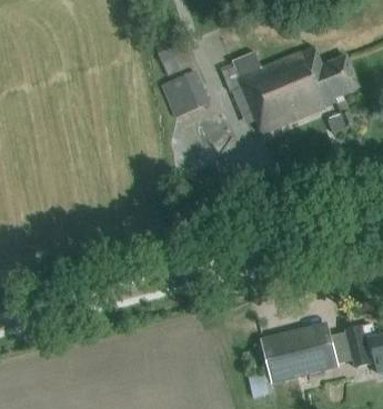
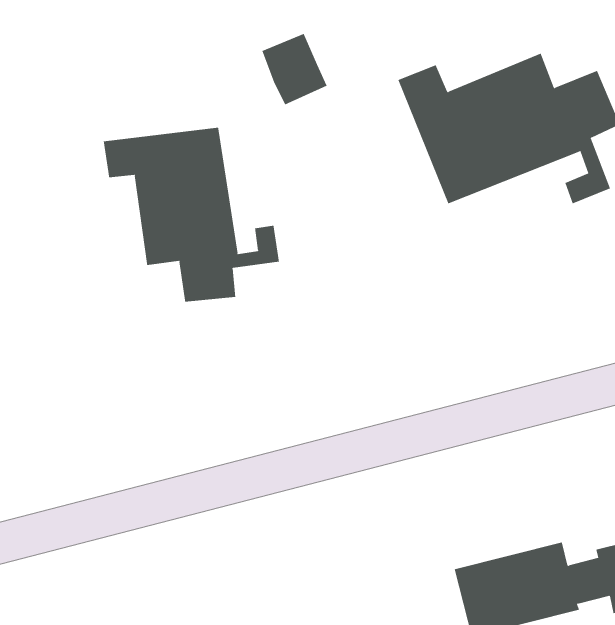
building: [161,69,210,117] -> none
building: none -> [103,127,280,303]

